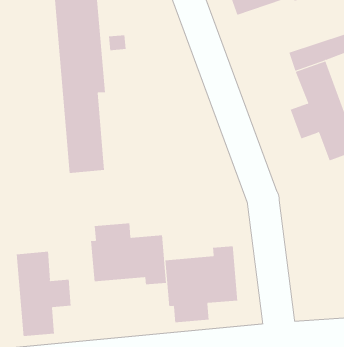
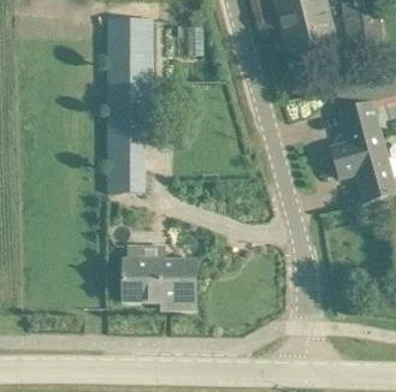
building: [165,246,238,323] -> none
building: [16,251,71,337] -> none

